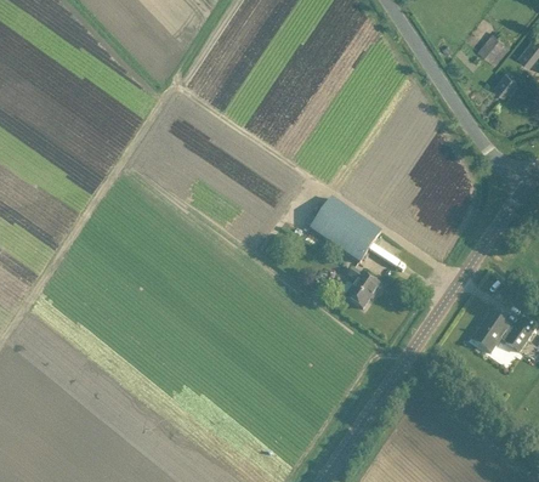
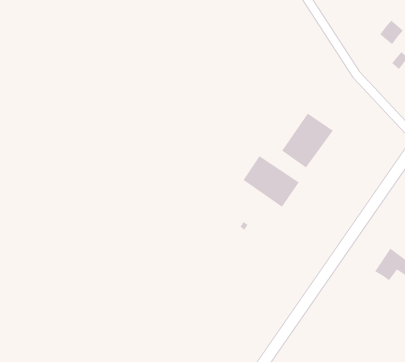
building: none -> [281,112,334,169]
building: [345,268,380,308] -> none

